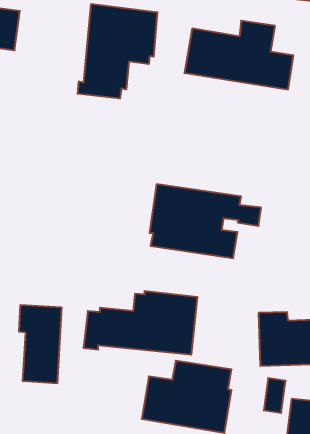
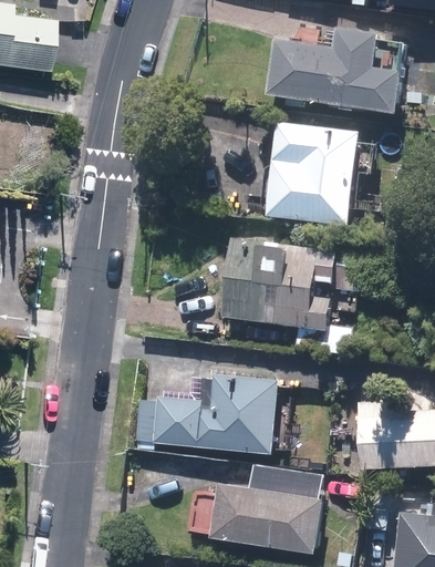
building: [78,4,157,99] -> none
building: none -> [263,123,358,227]
building: [19,305,61,383] -> none

